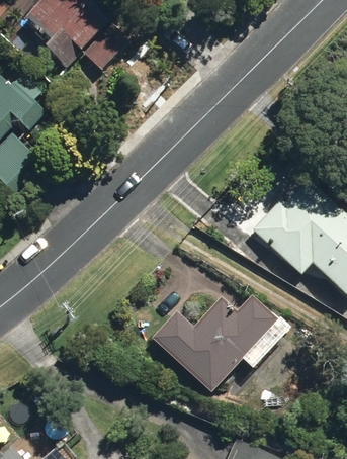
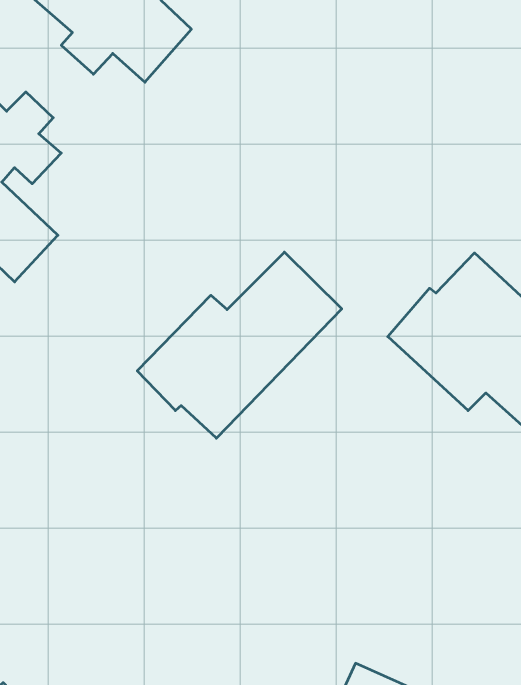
building: none -> [137,252,342,438]
building: [150,298,290,396] -> none

